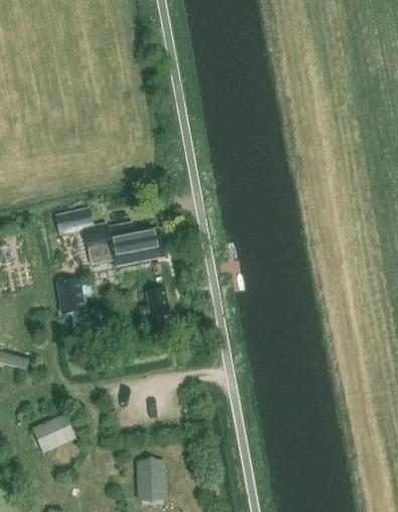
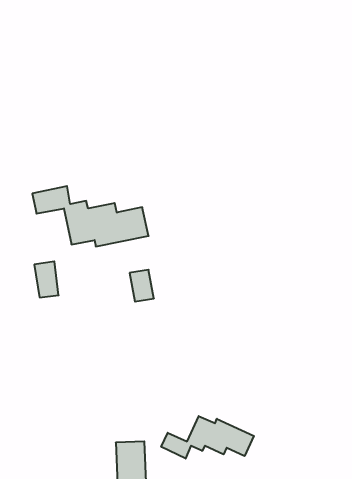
building: [30,412,76,453] -> none
building: none -> [161,416,254,459]

